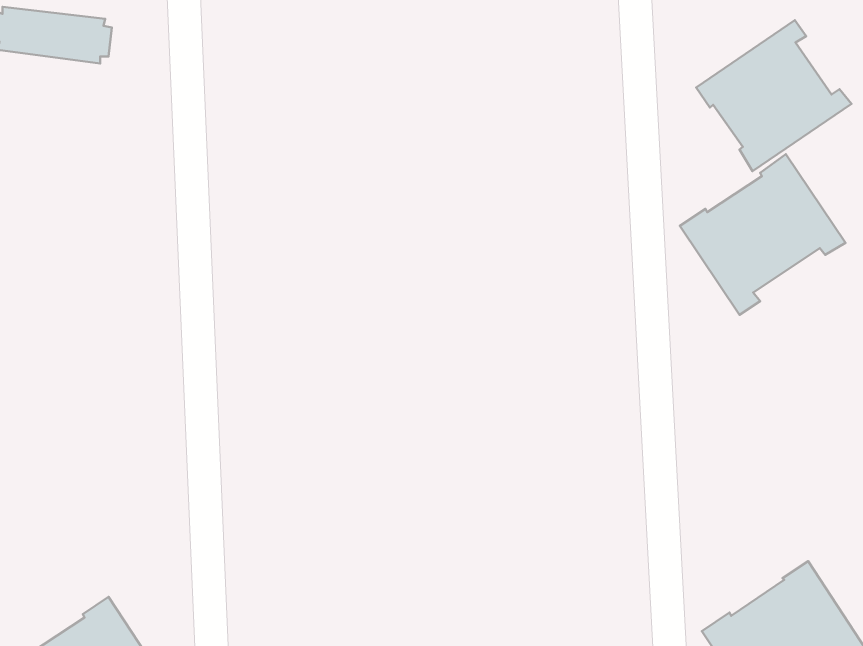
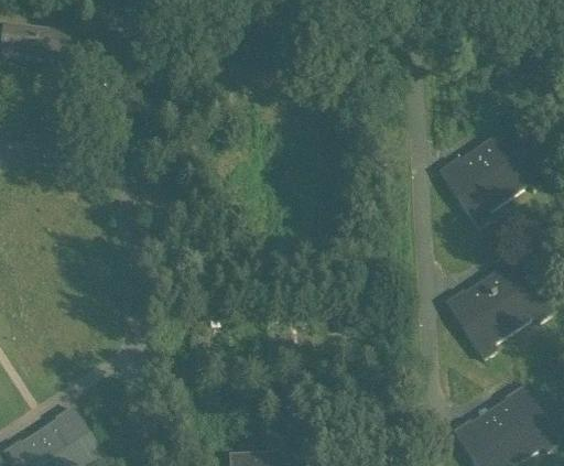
building: [696,20,852,171] -> none
building: none -> [445,257,552,360]

